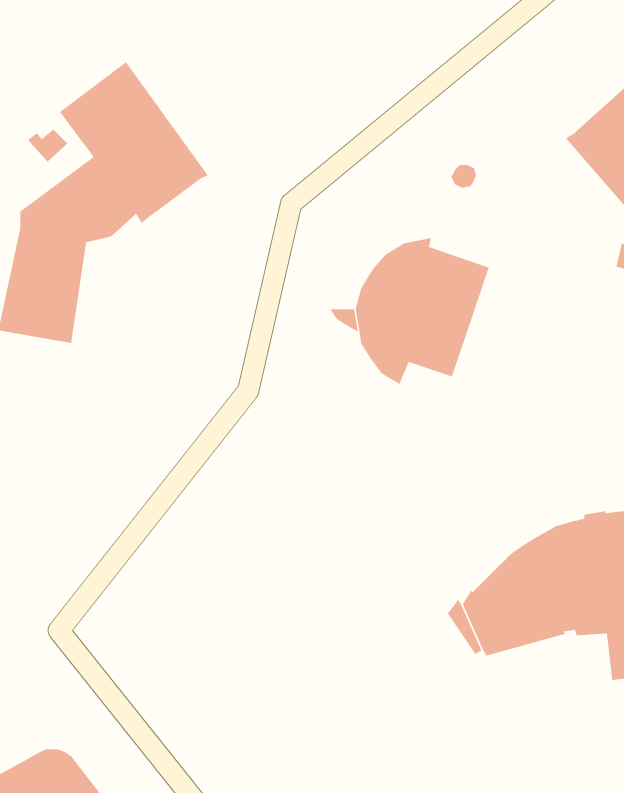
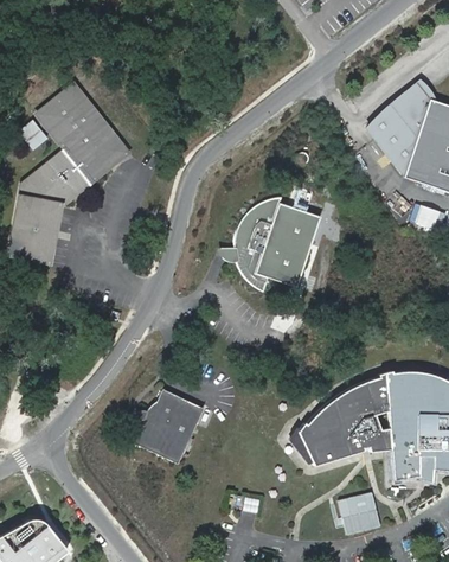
building: none -> [136,390,205,462]
building: none -> [341,493,381,534]

